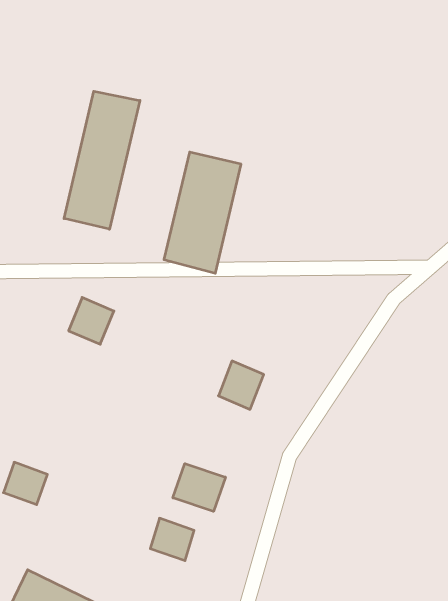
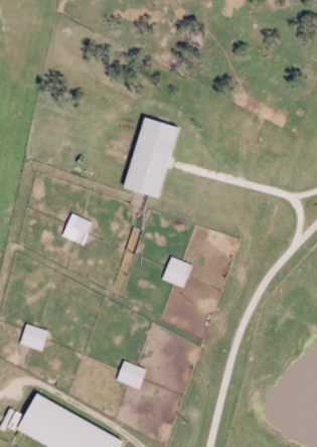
building: [64,91,140,229] -> none
building: [173,464,225,511] -> none

